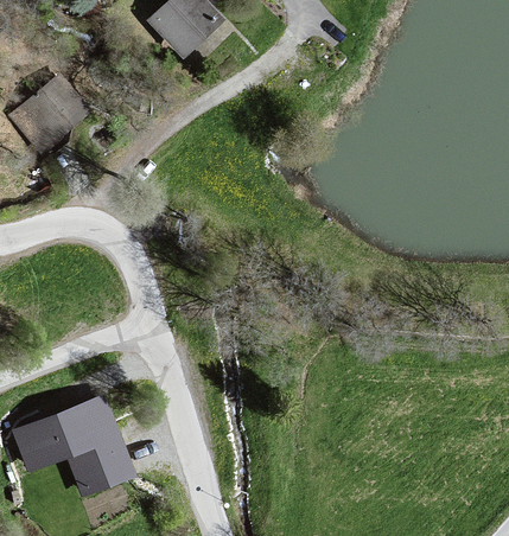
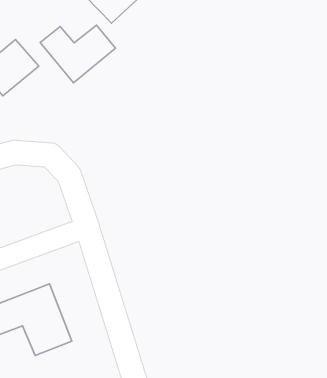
building: none -> [40,25,116,83]

